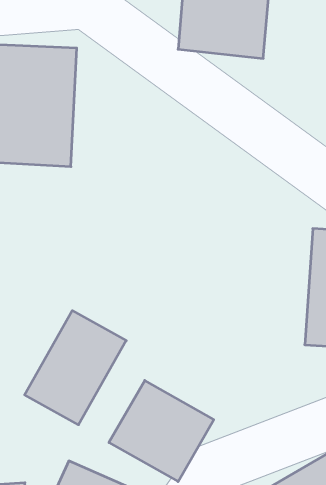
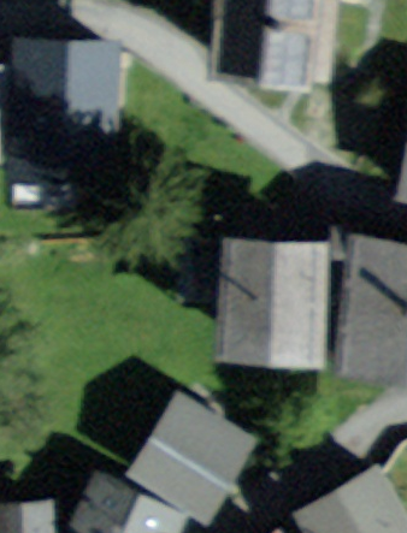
building: none -> [240,239,325,342]
building: [25,311,126,425] -> none

